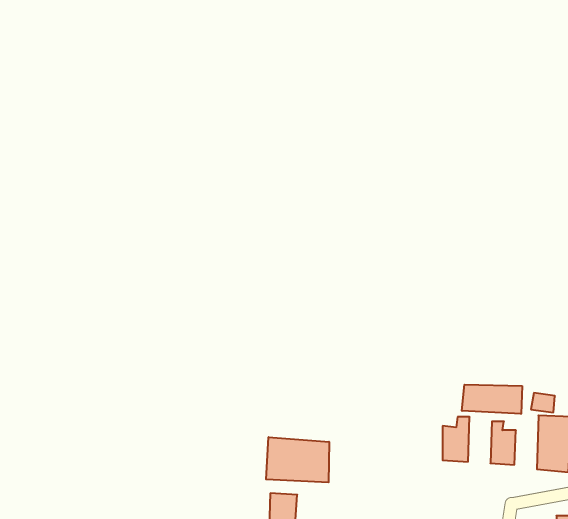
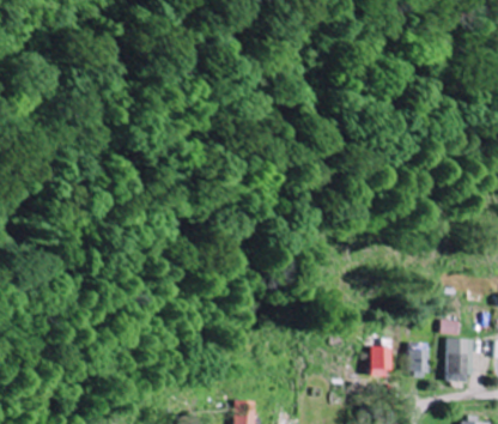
building: [462,385,522,414] -> none
building: [266,437,329,482] -> none

